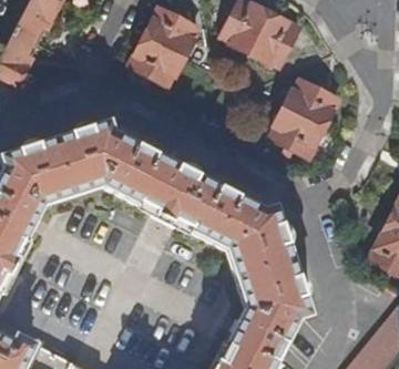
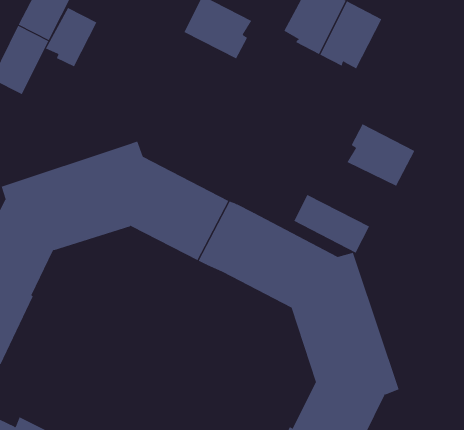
building: none -> [45,7,97,67]
building: [130,35,185,84] -> none
building: [283,79,338,127] -> none
building: none -> [293,194,370,253]

